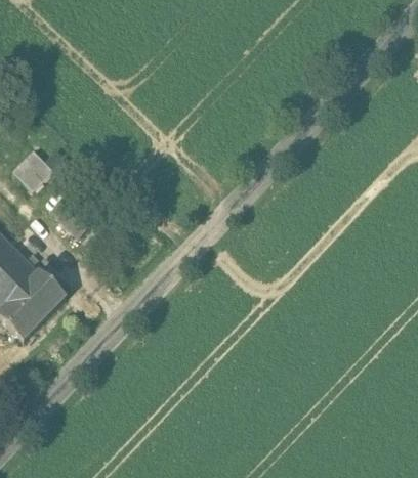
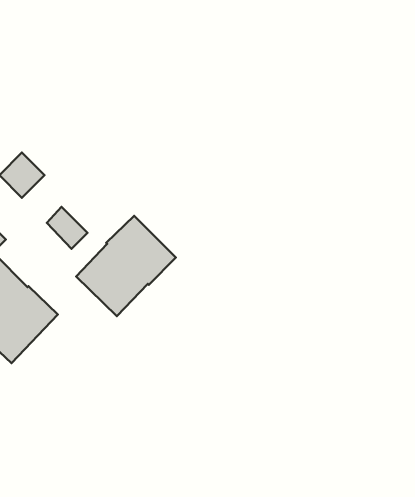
building: none -> [76,216,176,316]

